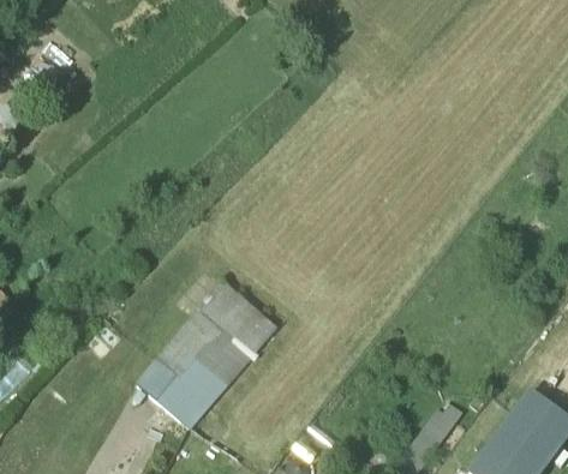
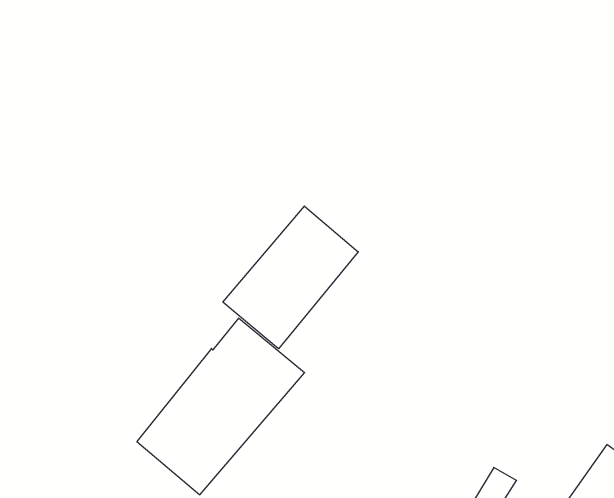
building: none -> [223,206,358,349]

